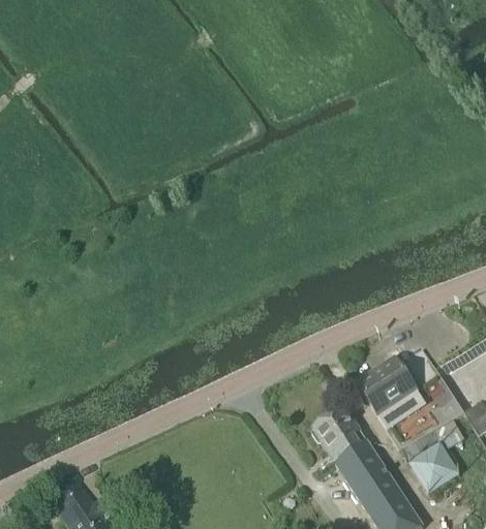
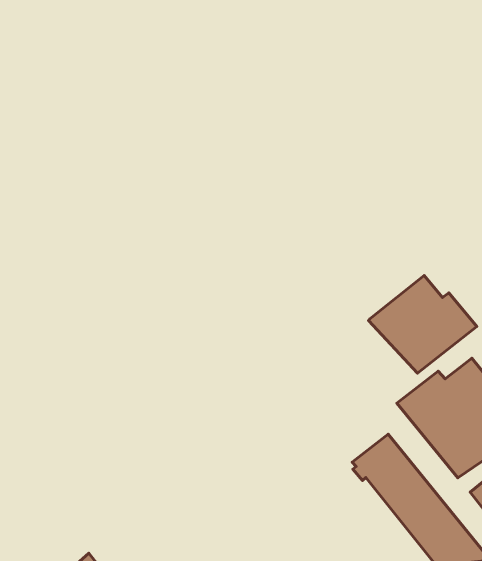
building: none -> [368,275,477,373]

